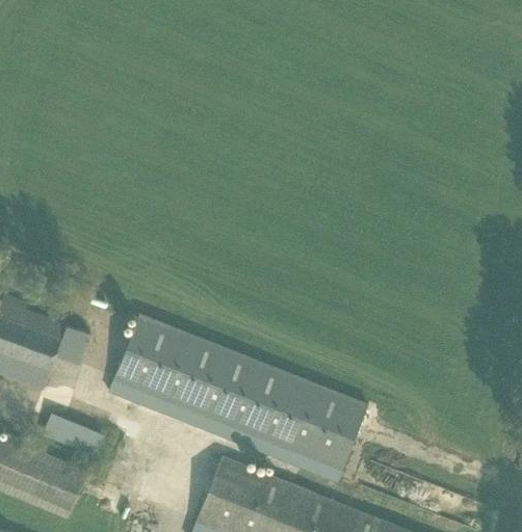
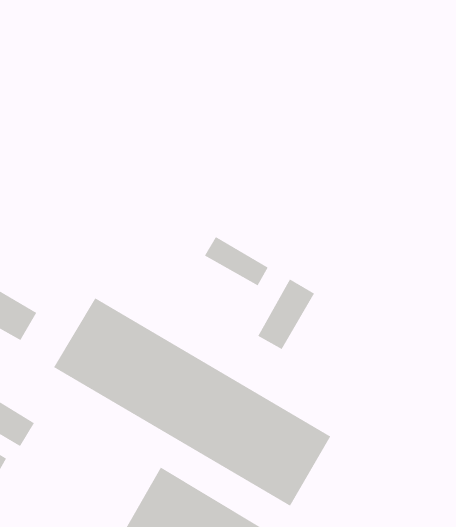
building: none -> [204,236,269,286]
building: none -> [257,279,315,350]

